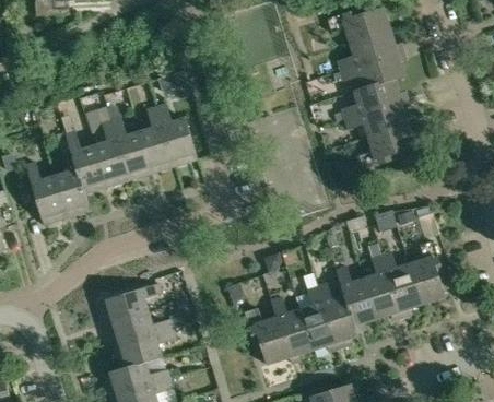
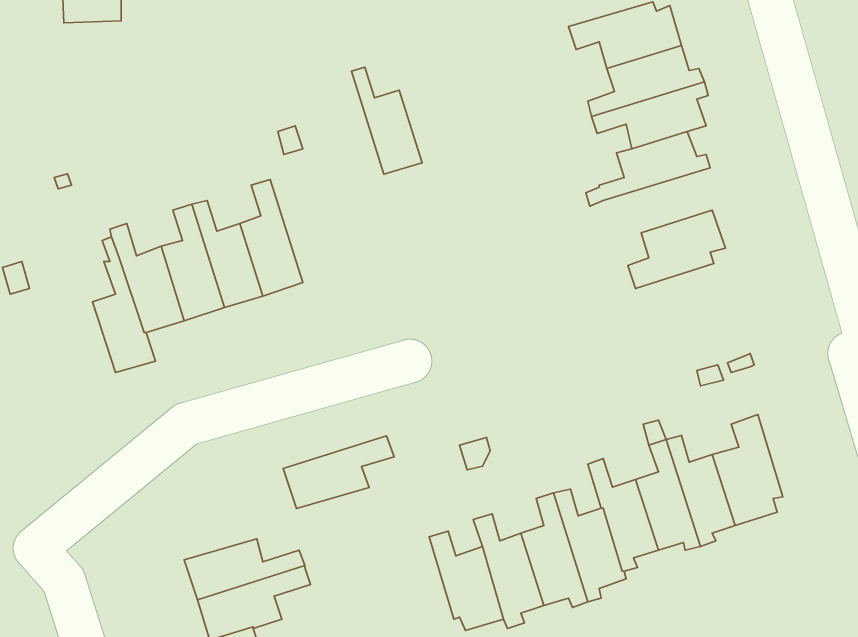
building: [345,99,409,137] -> none
building: [155,104,196,165] -> [351,67,422,174]
building: [24,162,67,224] -> none
building: [98,282,162,323] -> [283,436,394,508]

